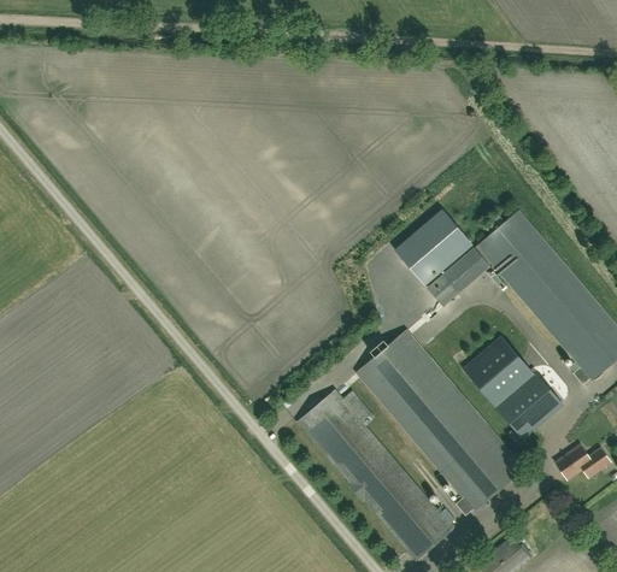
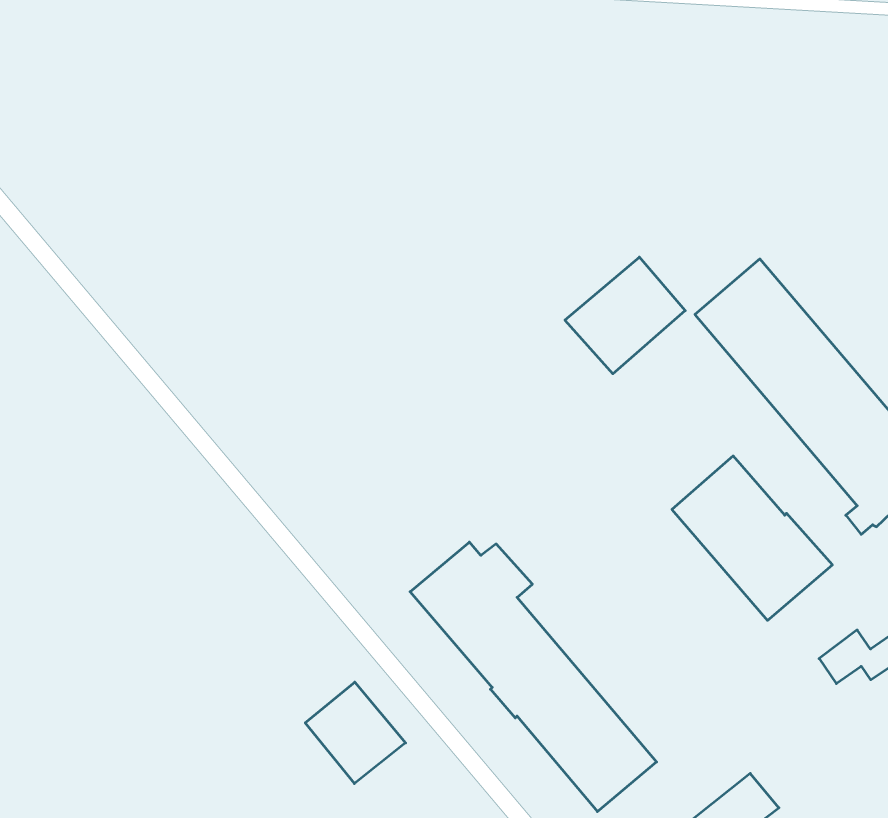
building: [428,248,489,305] -> none
building: [357,329,524,514] -> none
building: none -> [305,682,406,784]

